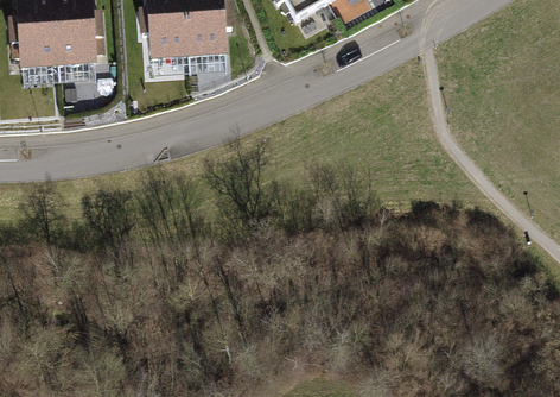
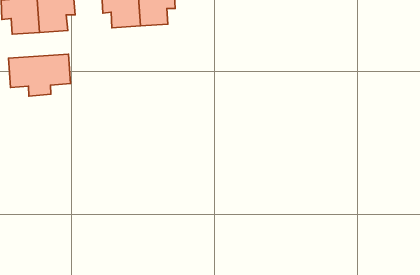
building: none -> [9,54,70,96]

